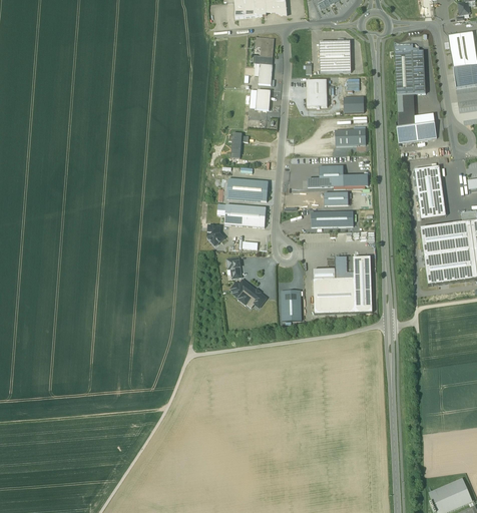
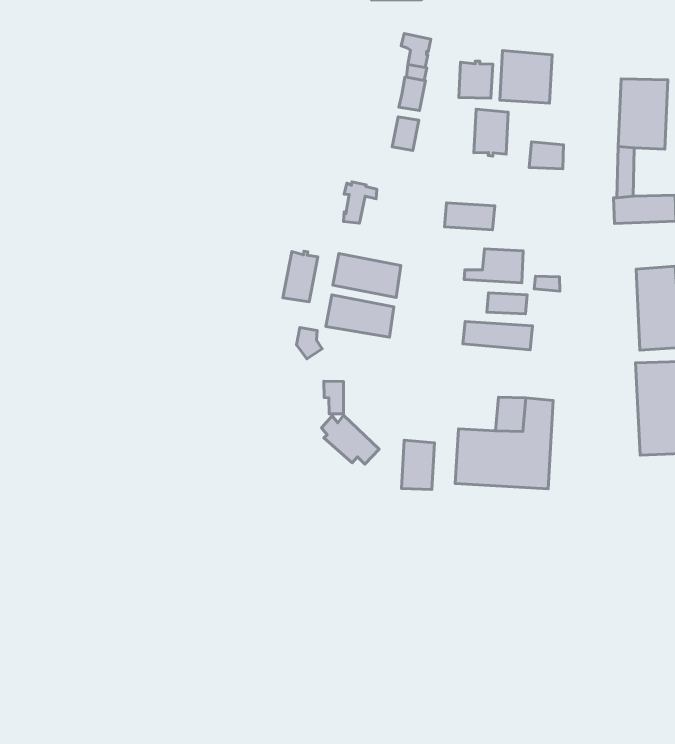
building: none -> [459,61,493,98]
building: [335,128,365,144] -> [444,203,495,230]
building: none -> [283,251,318,302]

